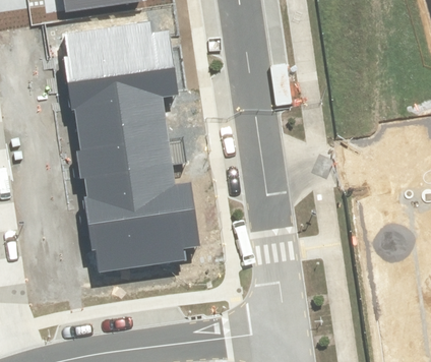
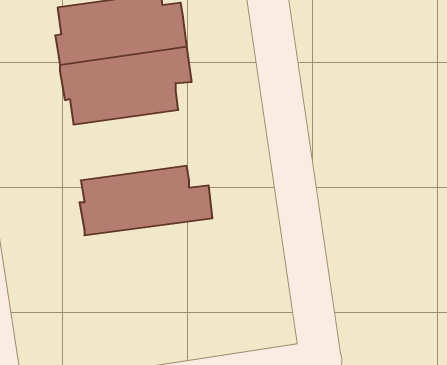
building: [75,118,172,177] -> none
building: [86,208,198,273] -> none

